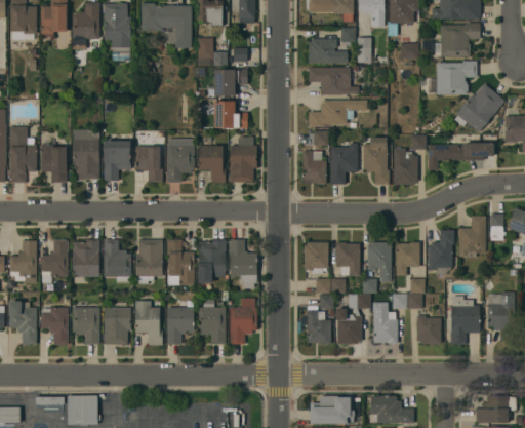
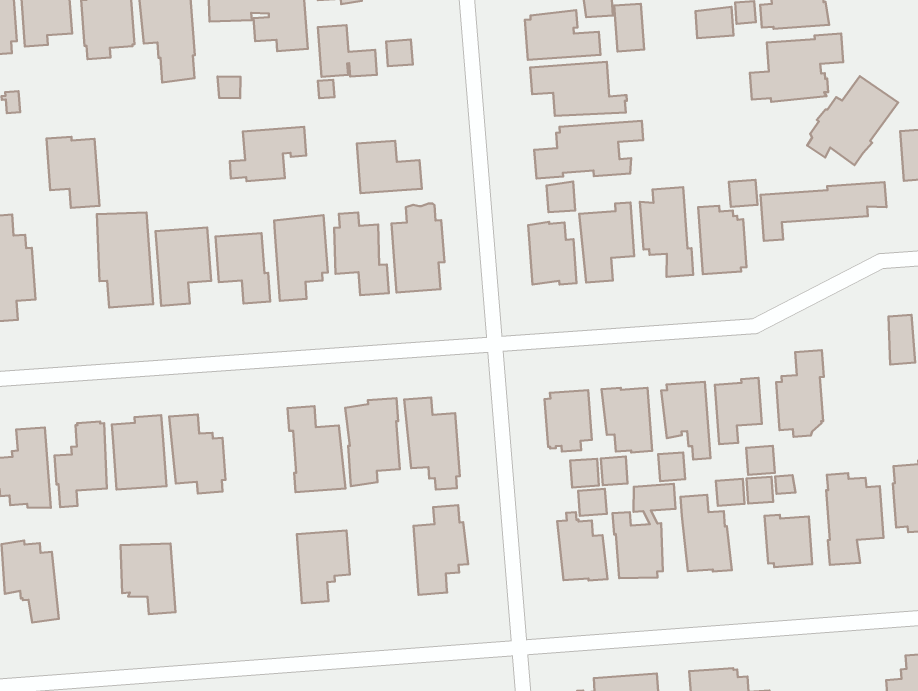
building: [206,69,247,95] -> [230,127,306,181]
building: [41,144,67,182] -> [47,137,99,208]
building: [458,216,486,256] -> none
building: [135,239,162,283] -> none
building: [198,299,226,344] -> none
building: [135,300,162,345] -> none
building: [41,307,69,343] -> none
building: [104,307,131,344] -> none

